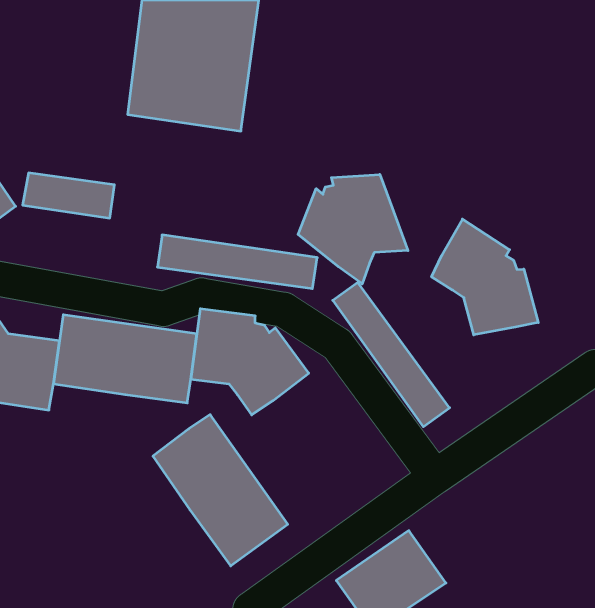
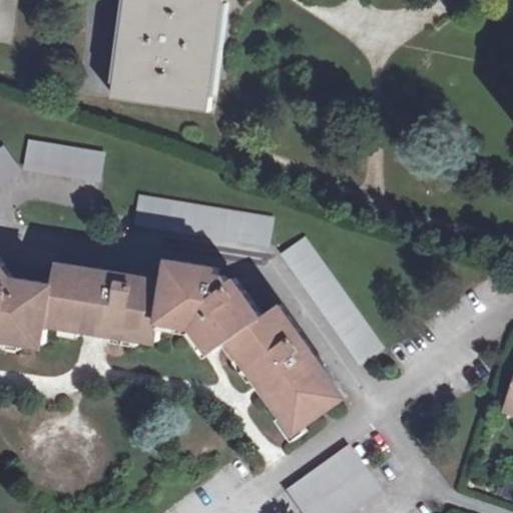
building: [298,174,408,284] -> none
building: [432,219,538,335] -> none
building: [153,415,288,566] -> [229,303,343,430]

